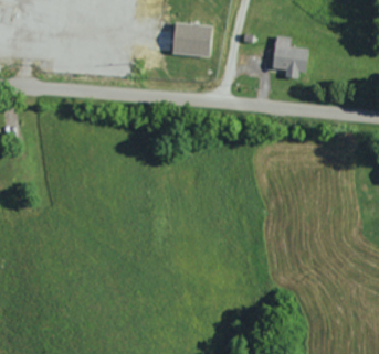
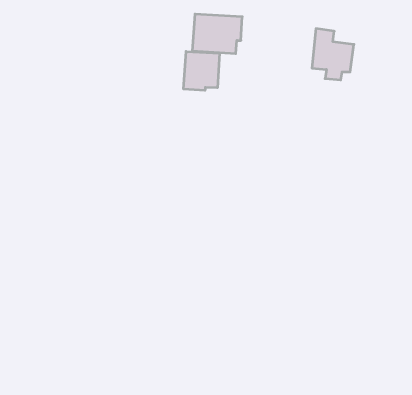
building: none -> [184,51,219,90]

